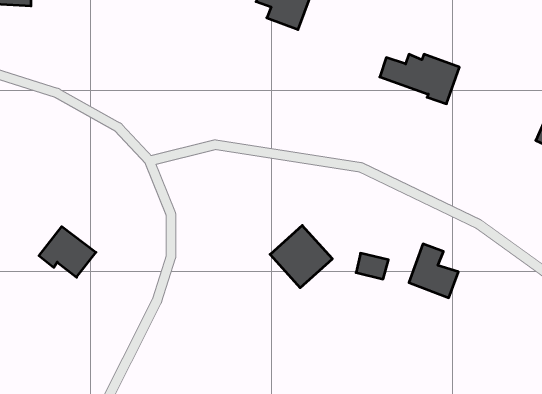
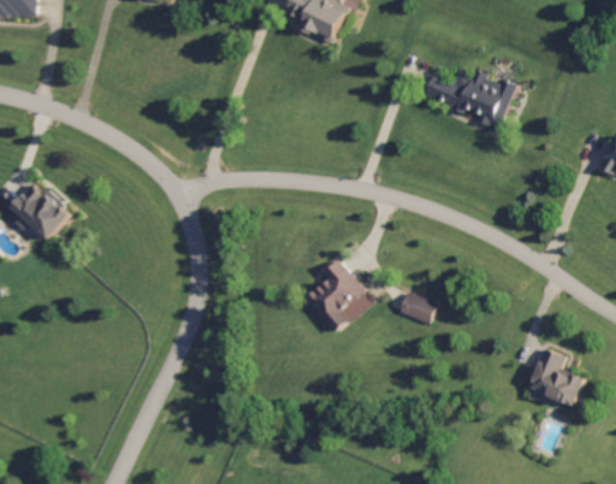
building: [39,227,96,277] -> [7,183,71,240]
building: [409,244,458,298] -> [527,347,582,407]

